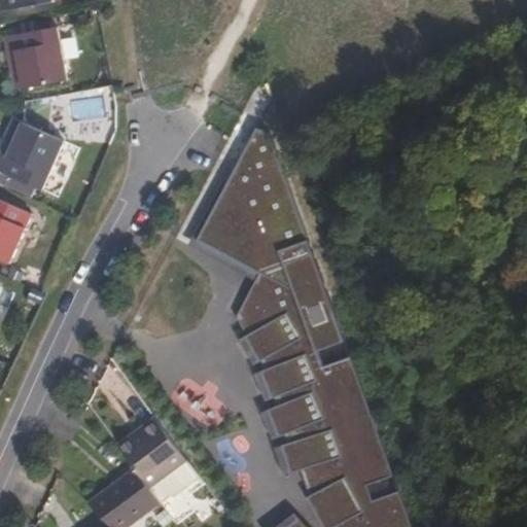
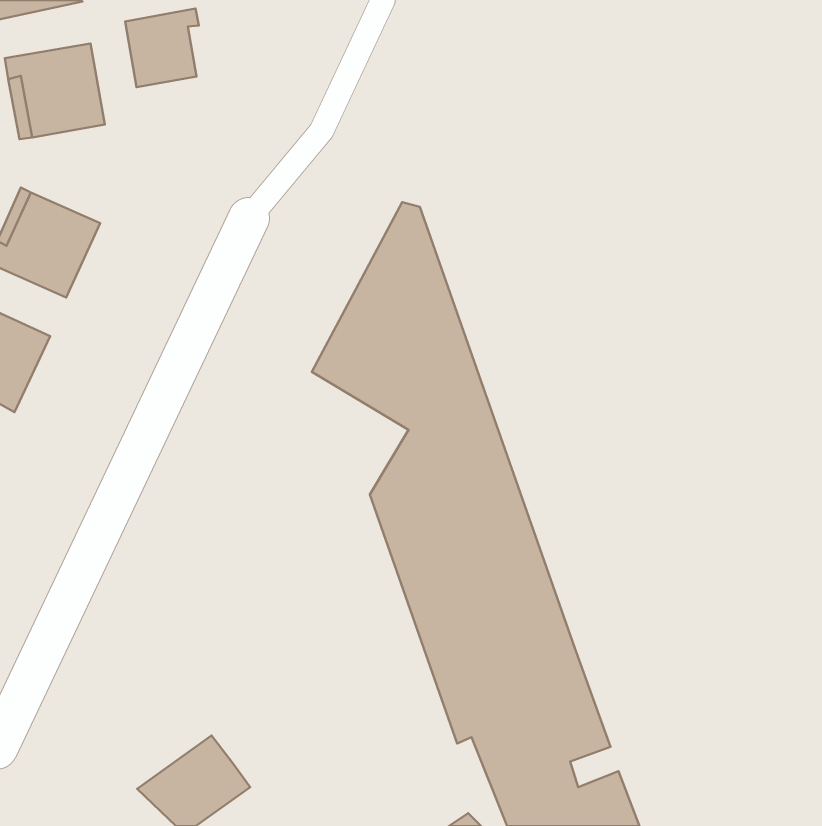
building: none -> [125,9,199,87]
building: [118,417,198,501] -> none

